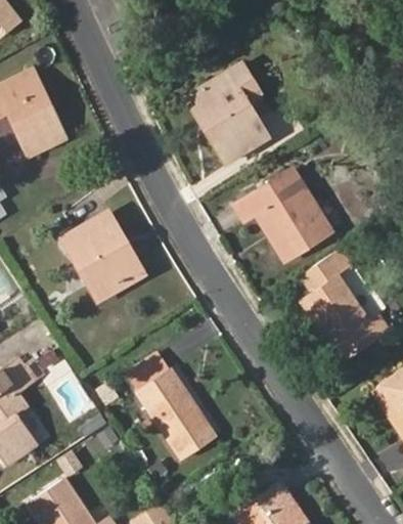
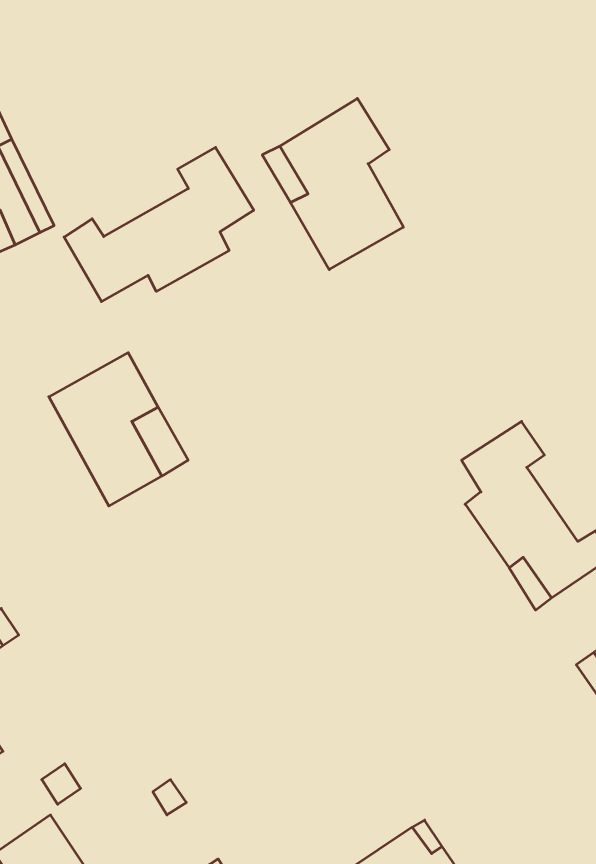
building: none -> [64,147,254,302]
building: [234,168,332,260] -> none
building: [137,367,216,458] -> none

